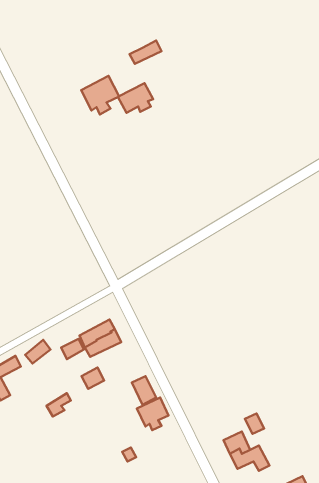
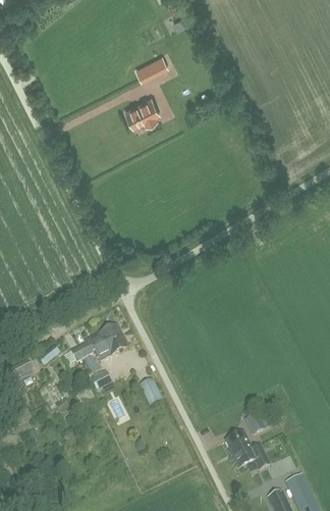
building: [81,76,119,114] -> none
building: [137,397,169,430] -> none

